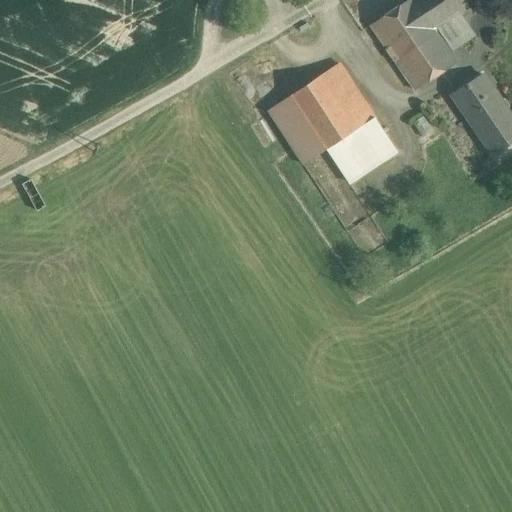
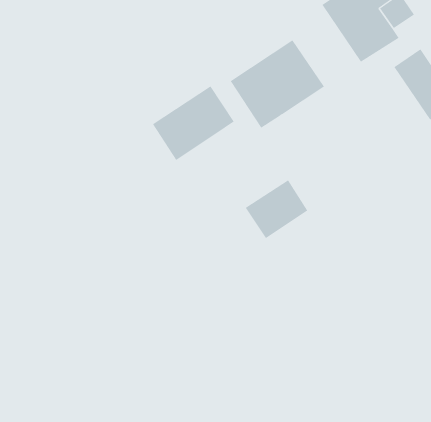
building: none -> [152,85,235,161]
building: [325,116,396,183] -> [245,179,308,239]

